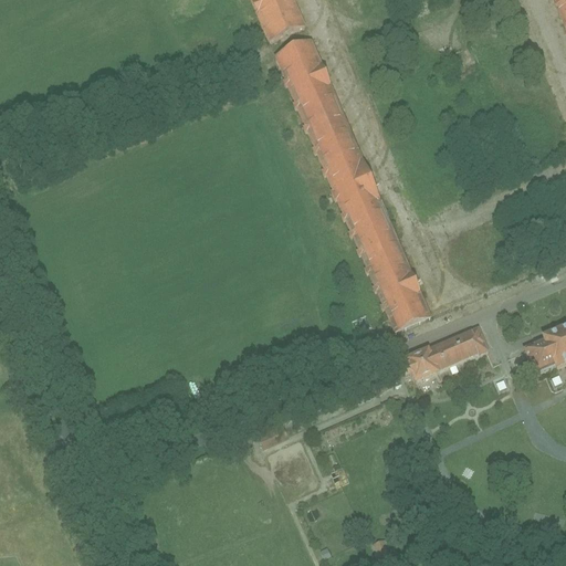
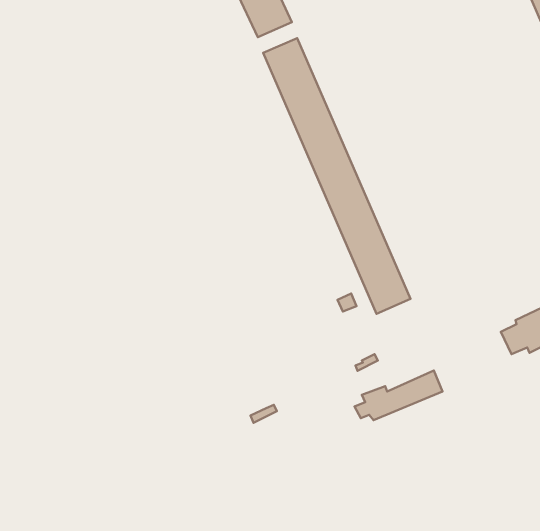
building: [398,325,490,377] -> [354,370,442,420]

